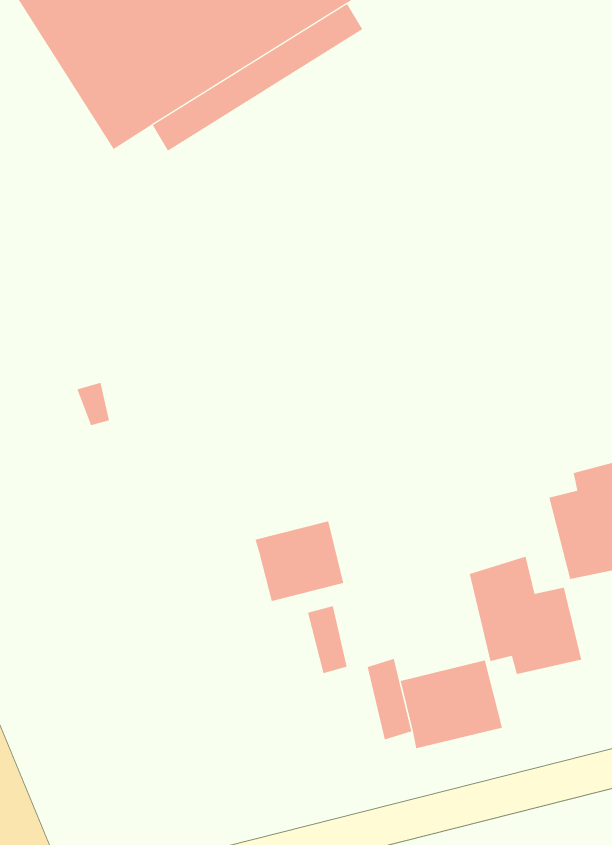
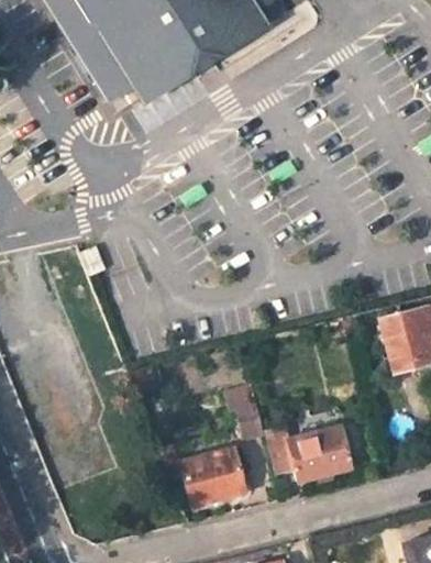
building: [255,520,344,602] -> none
building: [469,556,582,675] -> none
building: none -> [180,448,241,506]

